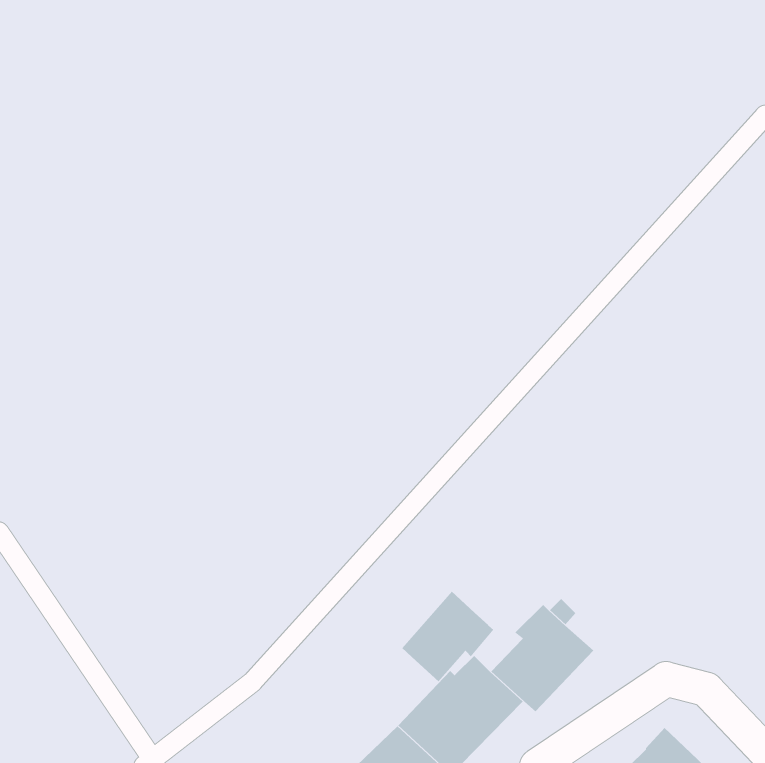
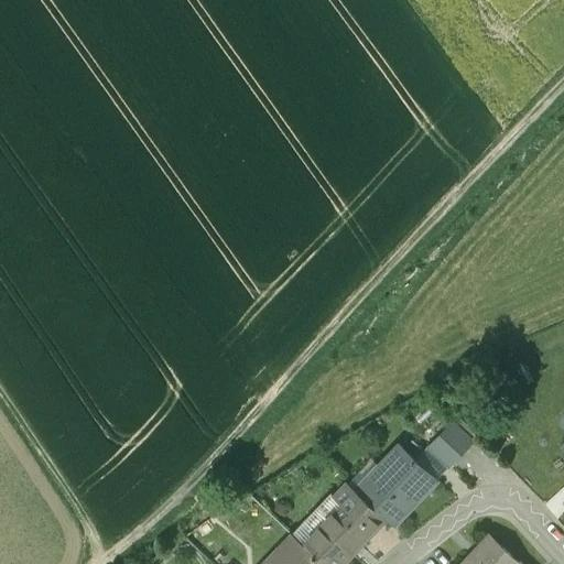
building: none -> [427,424,471,467]
building: [401,591,494,682] -> none

